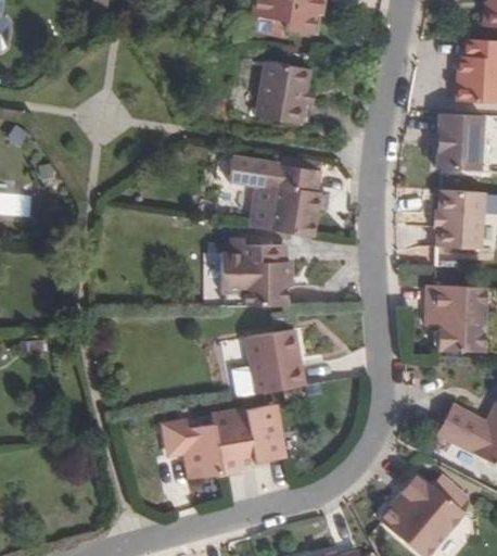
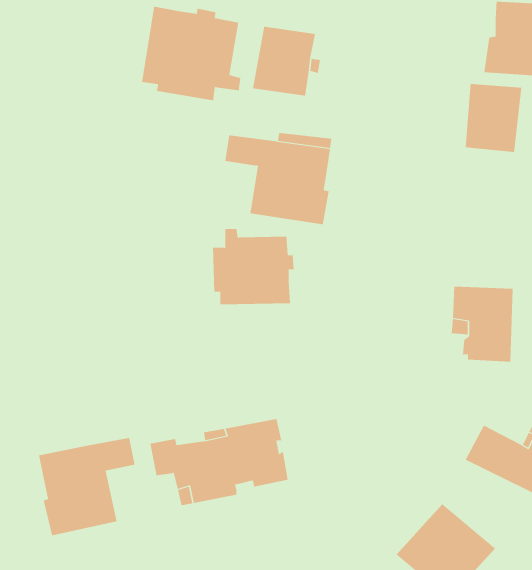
building: none -> [142,6,241,101]
building: [438,188,486,250] -> none
building: [232,328,304,394] -> none
building: none -> [38,437,135,536]

